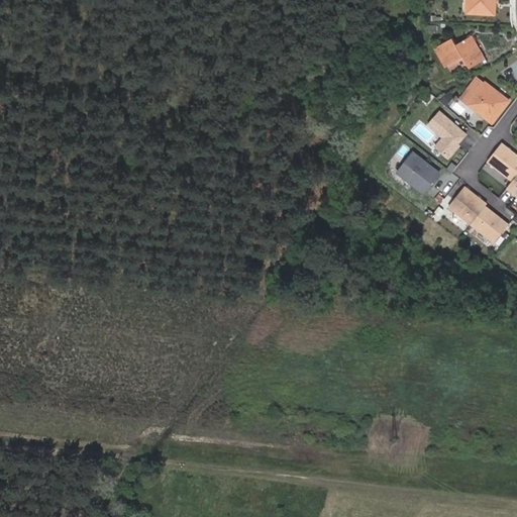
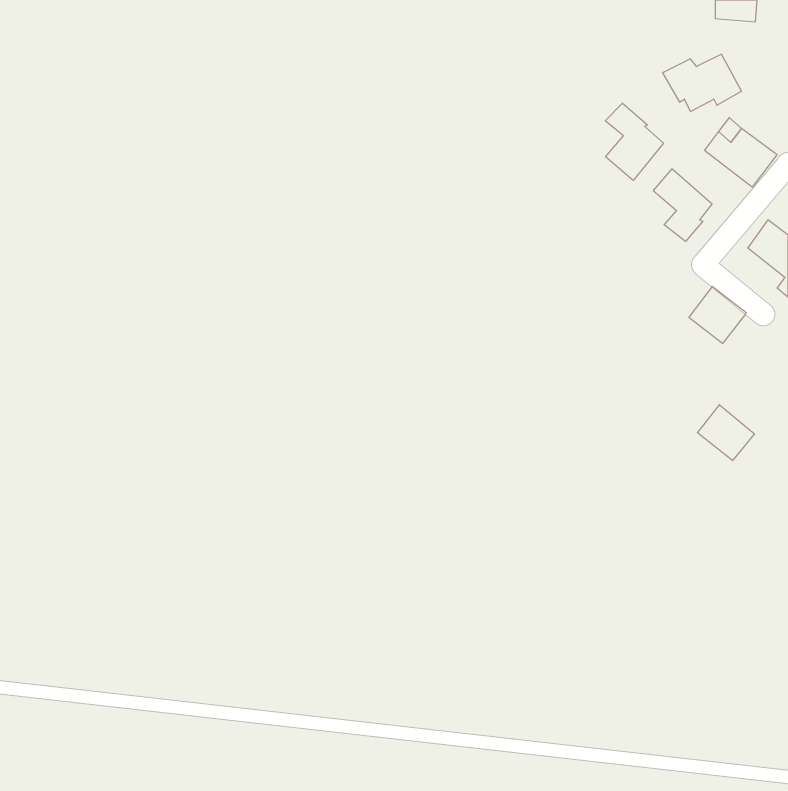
building: none -> [605,103,664,180]
building: [399,152,440,192] -> none
building: [472,206,509,242] -> [697,405,755,460]

